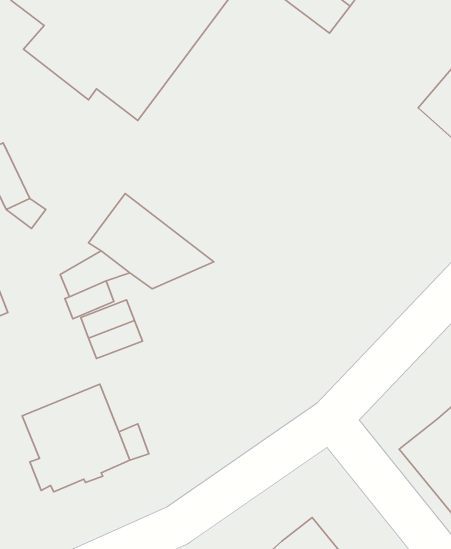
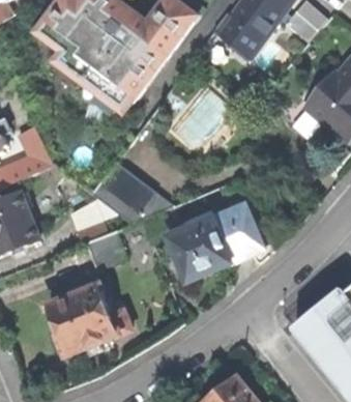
building: none -> [168,203,263,280]

